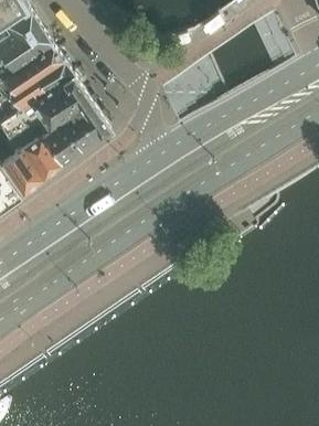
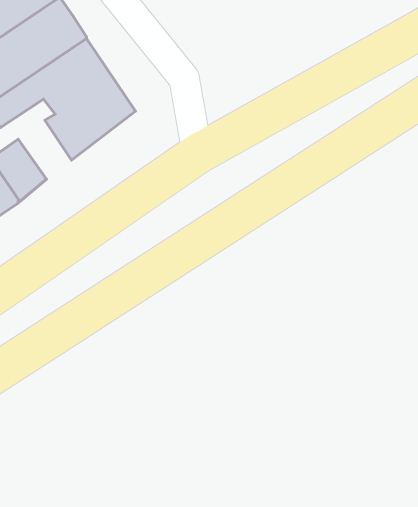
building: [21,135,61,179] -> none

